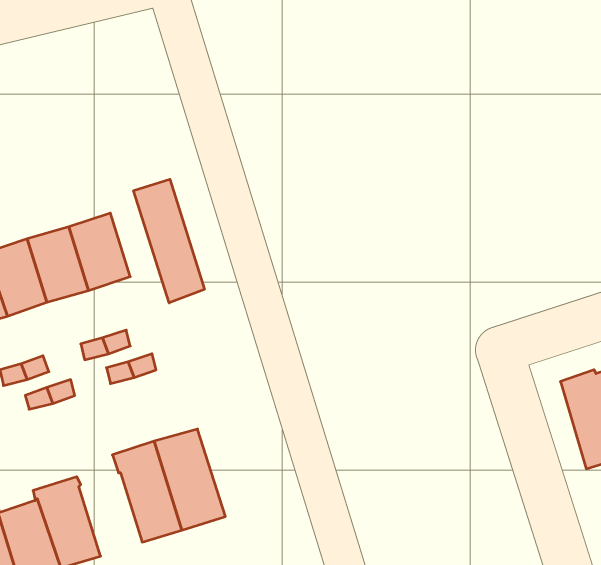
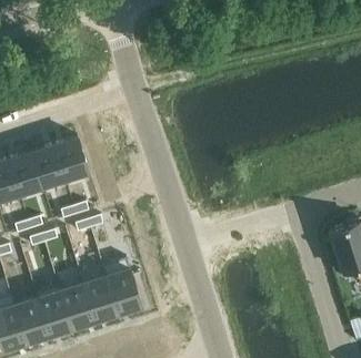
building: [134,179,204,303] -> none
building: none -> [60,283,96,329]

